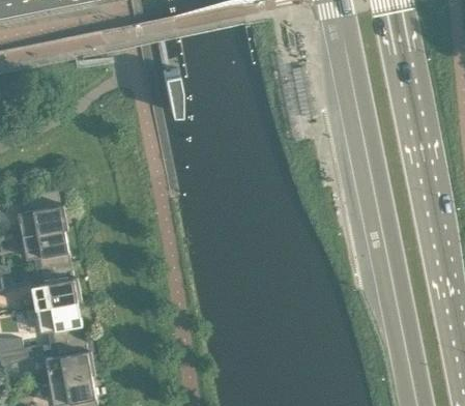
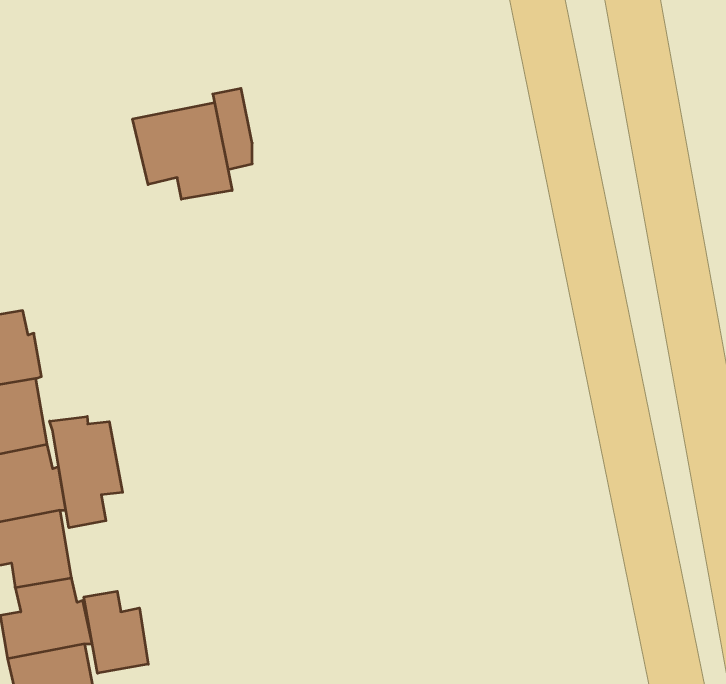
building: none -> [133,102,232,199]
building: none -> [50,416,123,528]
building: none -> [84,591,148,673]

